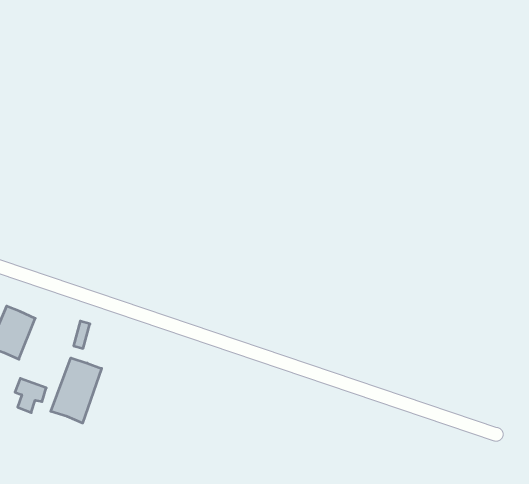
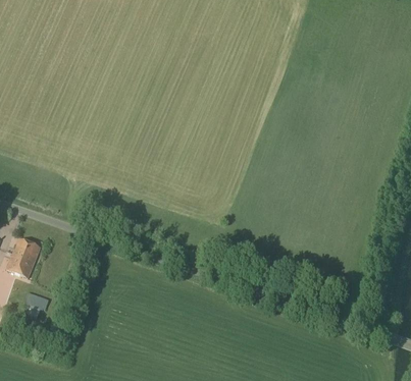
building: [51,358,102,423] -> none

